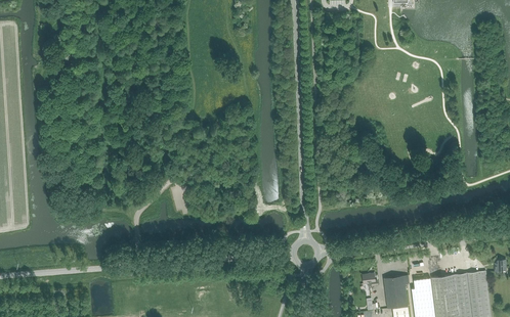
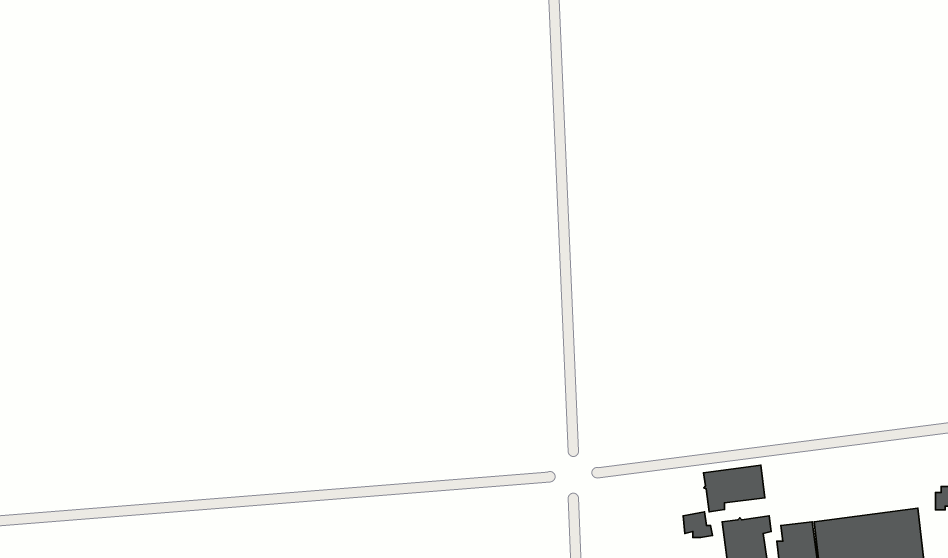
building: none -> [704,465,765,512]

